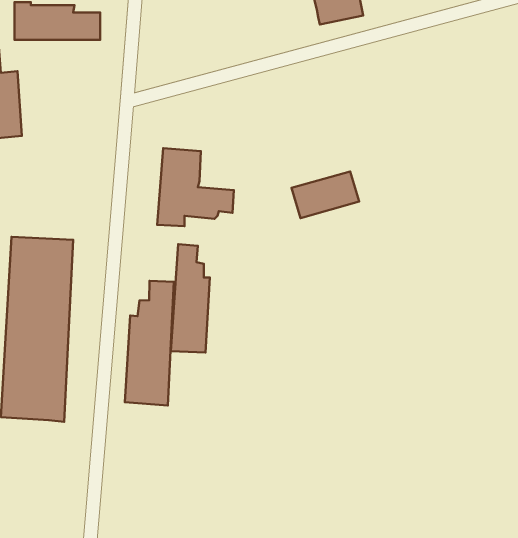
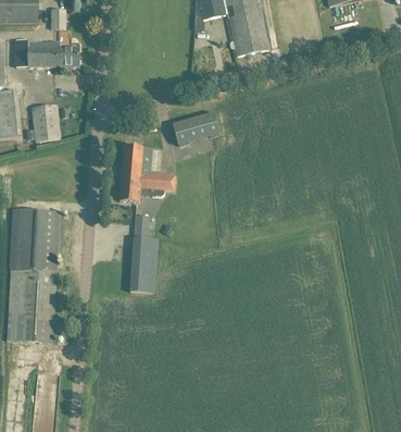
building: none -> [33,103,60,140]
building: [292,171,359,218] -> [172,111,221,145]
building: [125,281,174,406] -> none

